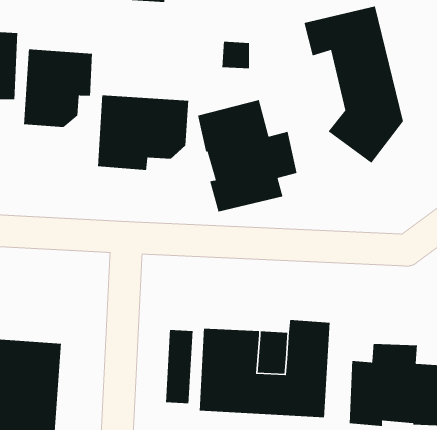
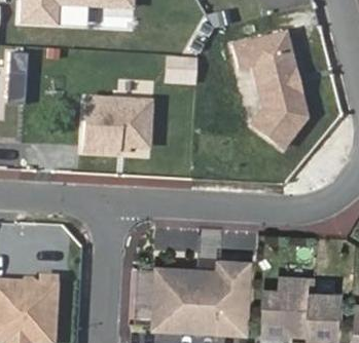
building: [23,49,93,128] -> none
building: [197,99,297,212] -> none

